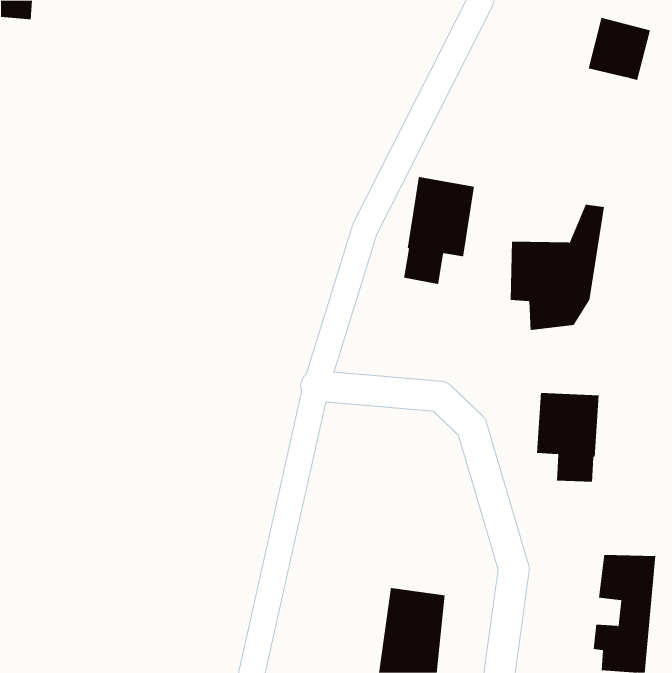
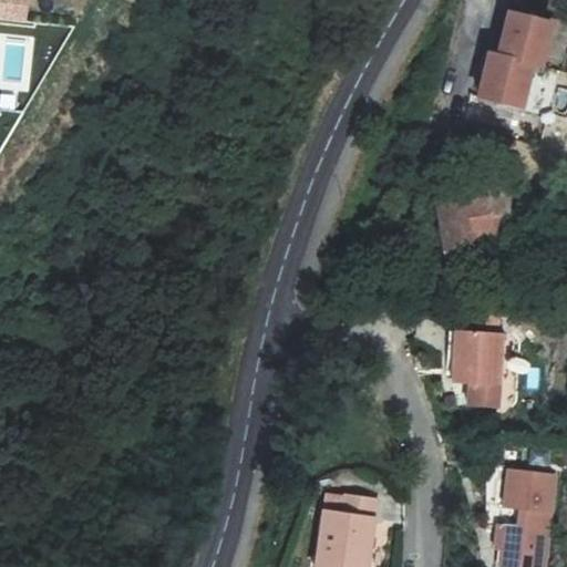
building: none -> [475,55,528,109]
building: [404,176,475,285] -> none

